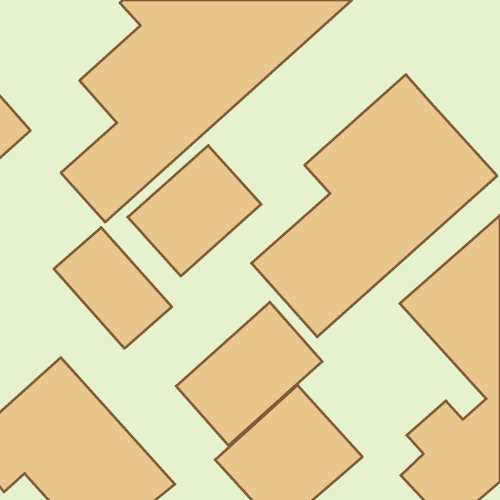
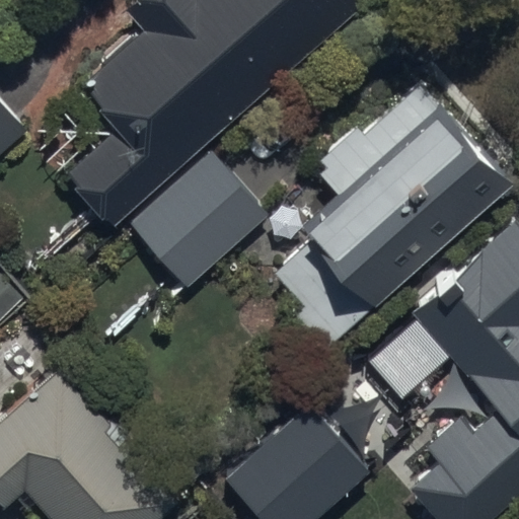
building: [54,227,172,348] -> none
building: [176,302,322,445] -> none

